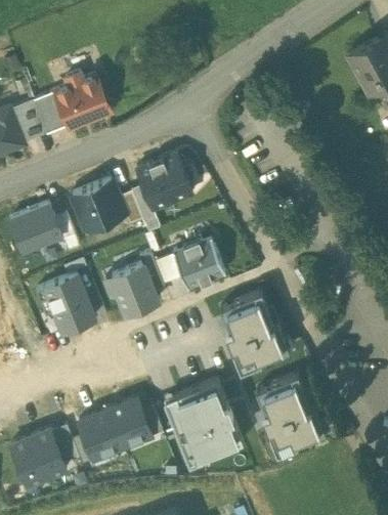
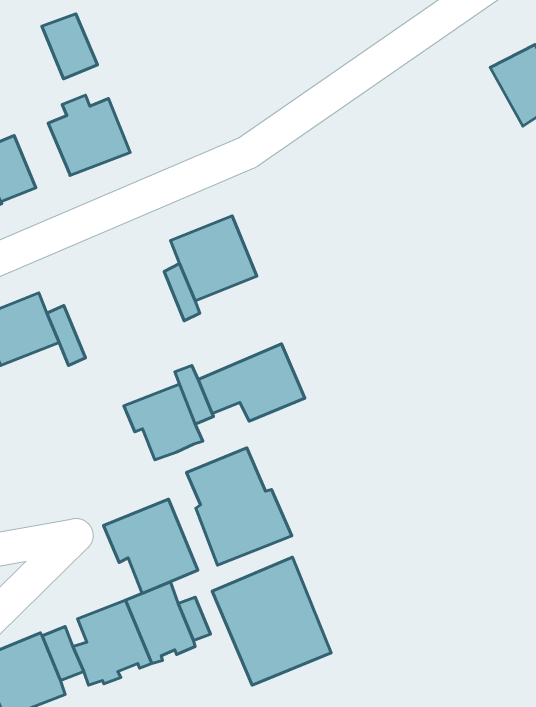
building: [32,91,69,134] -> [42,14,98,79]
building: [71,179,124,230] -> none
building: [34,272,96,335] -> [104,499,198,593]
building: [219,293,289,371] -> [187,448,292,565]
building: [256,375,325,453] -> none

